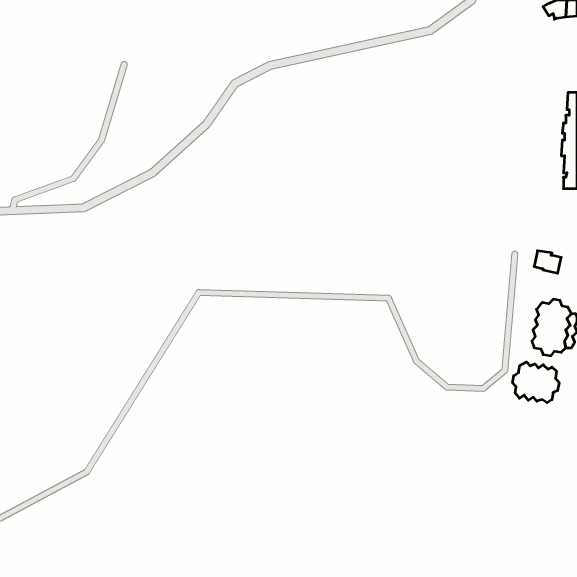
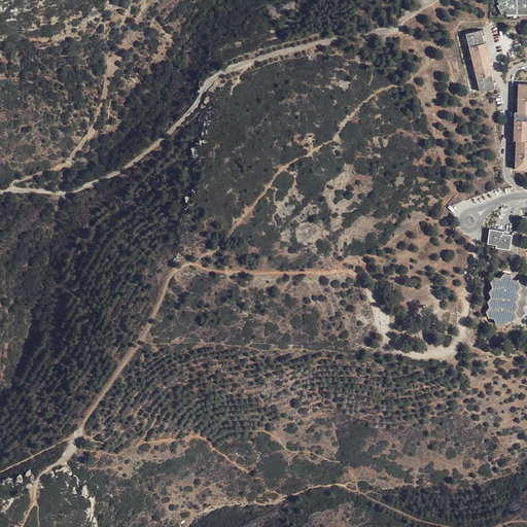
building: none -> [468,31,497,91]
building: [513,362,559,403] -> none

